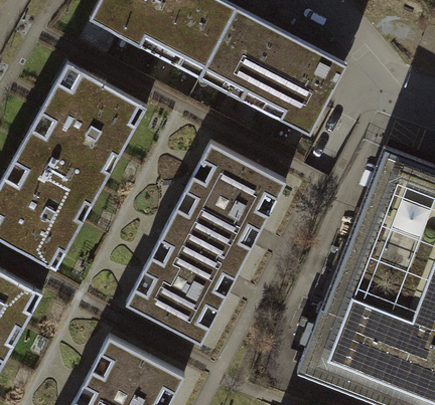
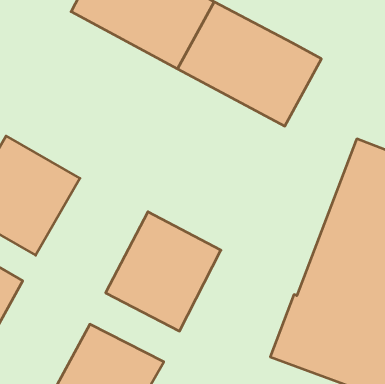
building: [24,64,146,189] -> none
building: [169,144,286,262] -> none

